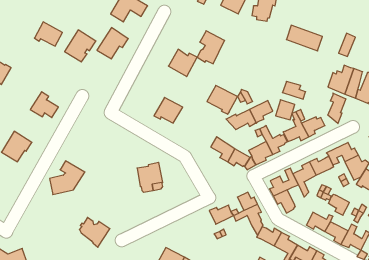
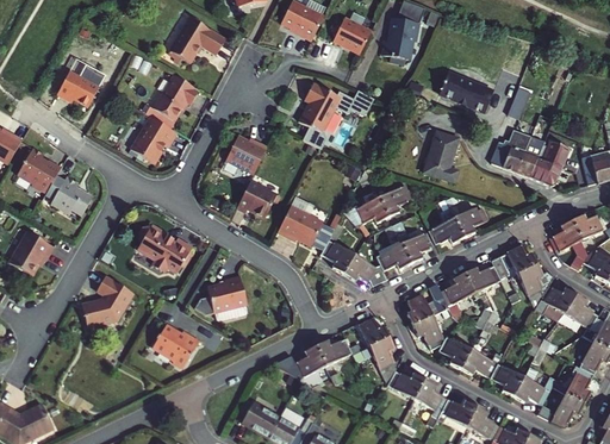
building: [65,30,96,62] -> [129,117,175,164]
building: [168,49,197,77] -> [223,138,266,179]
building: none -> [18,143,62,189]
building: [207,85,237,114] -> [286,213,331,256]
building: [328,93,346,124] -> none
building: [276,100,295,120] -> [431,131,460,161]
building: none -> [138,223,193,269]
building: [328,194,349,215] -> [440,337,471,368]
building: none -> [273,346,326,379]
building: [79,217,110,247] -> [152,323,198,367]

